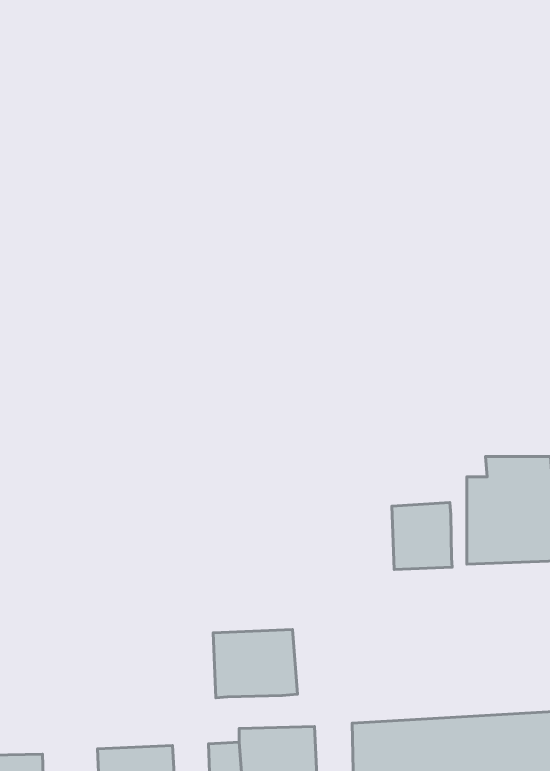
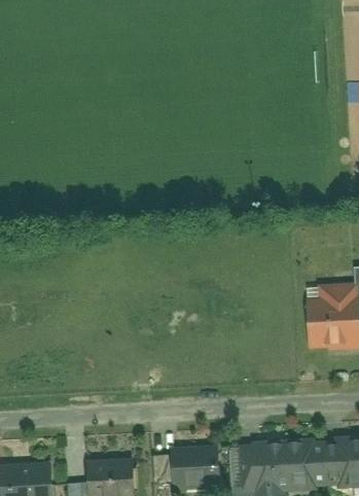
building: [392,502,452,569] -> none
building: [213,629,298,698] -> none

